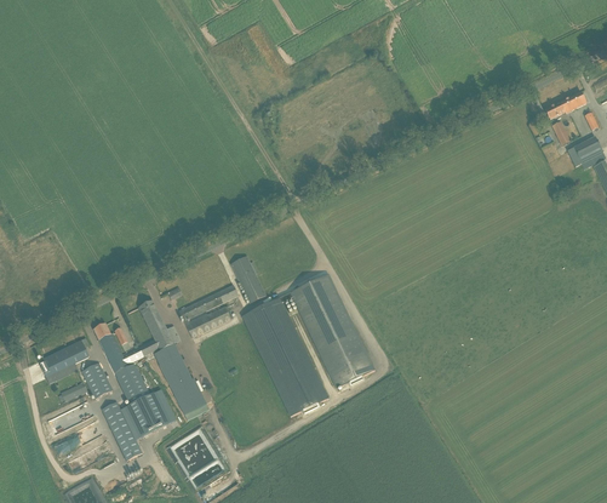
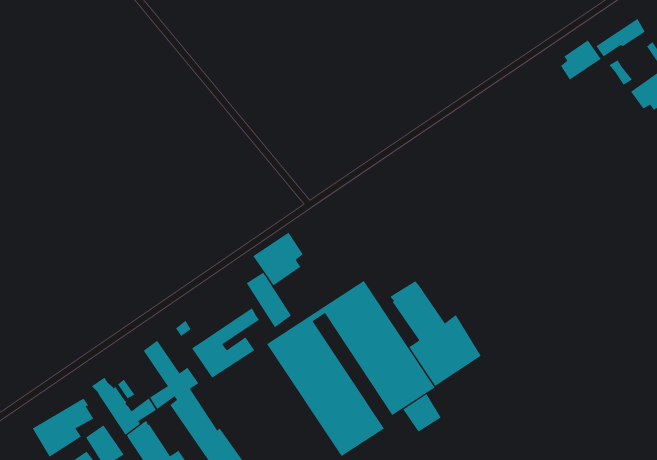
building: none -> [560,39,602,80]
building: none -> [253,232,303,286]
building: none -> [389,280,482,387]
building: none -> [403,393,442,433]

